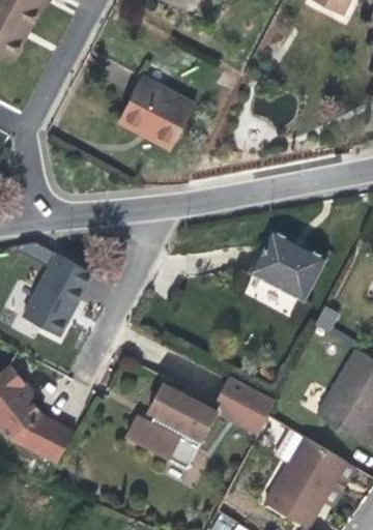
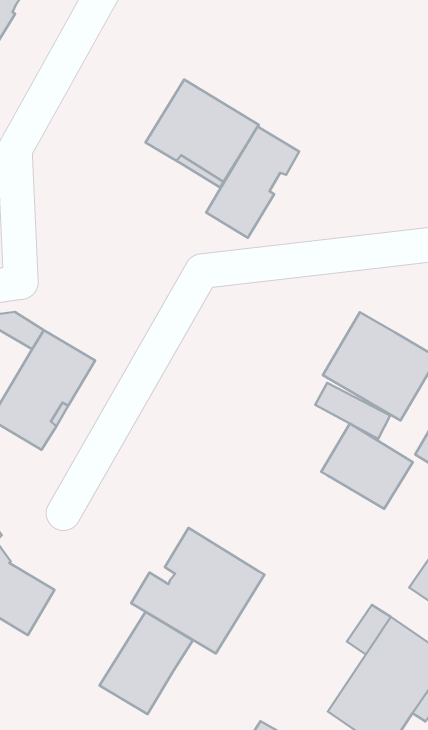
building: none -> [206,126,299,238]
building: [212,376,275,433] -> [321,424,413,509]
building: none -> [99,612,192,714]

